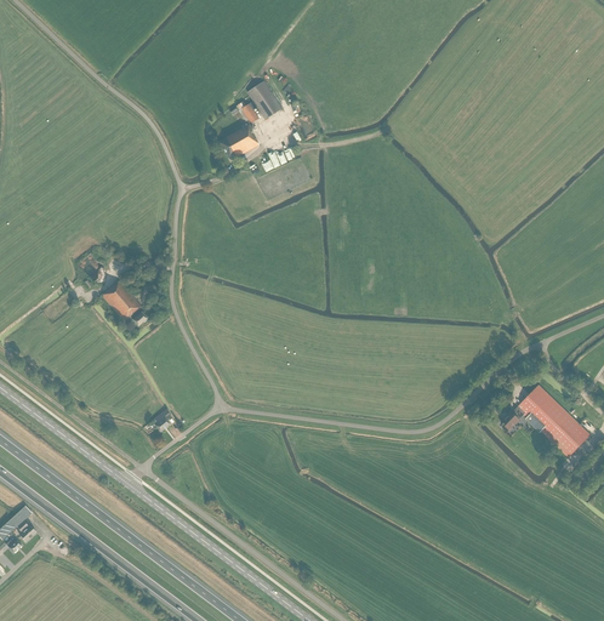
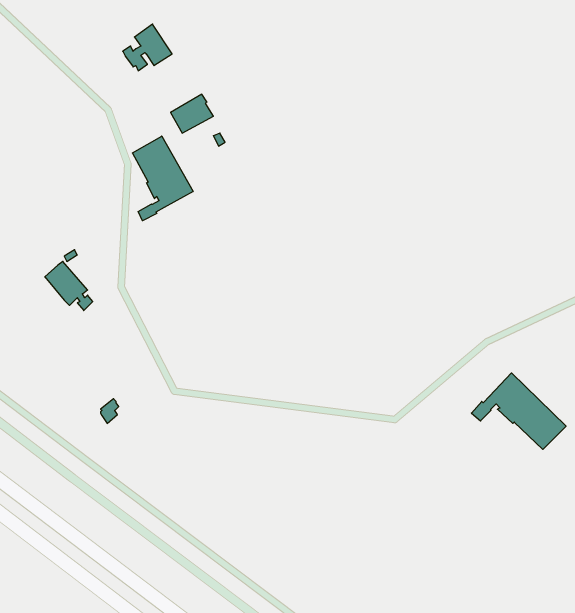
building: [237,80,283,124] -> [123,24,172,71]
building: none -> [132,136,193,221]

